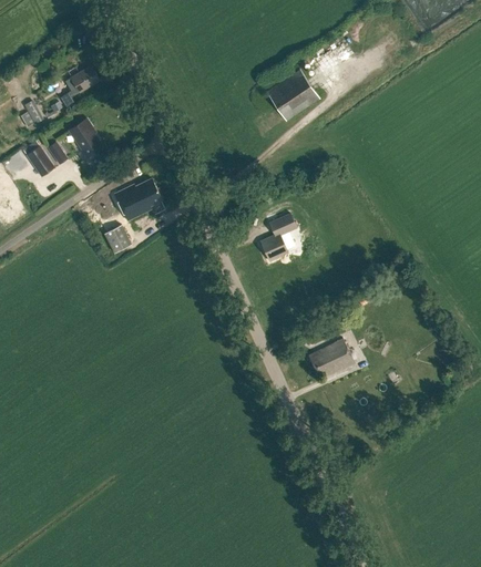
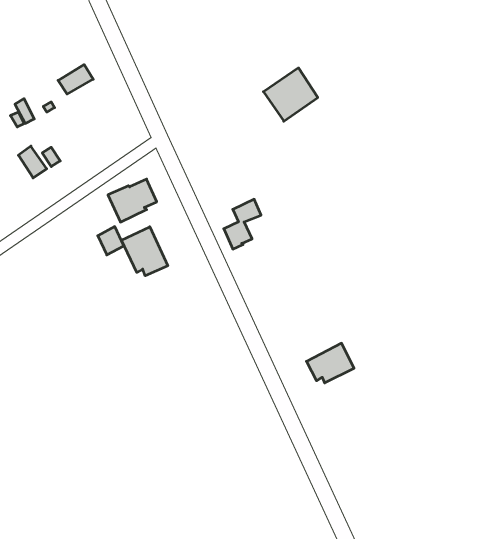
building: [70,117,102,156] -> none
building: [260,213,297,261] -> [224,199,261,249]
building: none -> [121,227,168,276]

